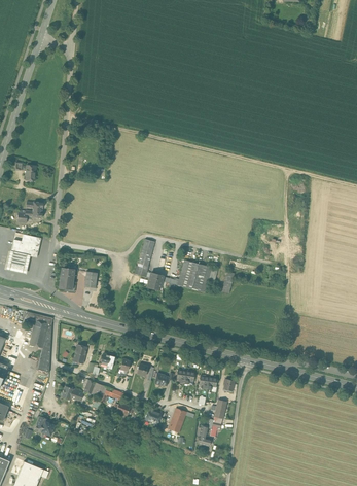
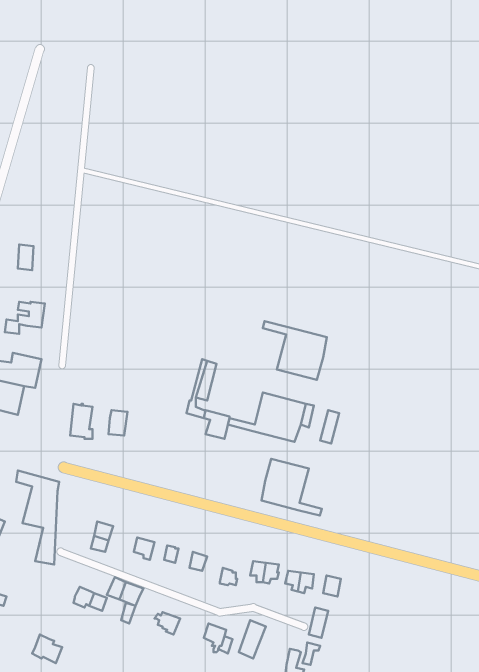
building: none -> [263,321,327,380]
building: none -> [262,459,322,516]

